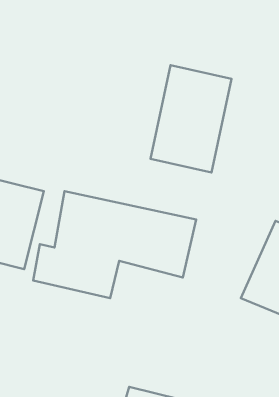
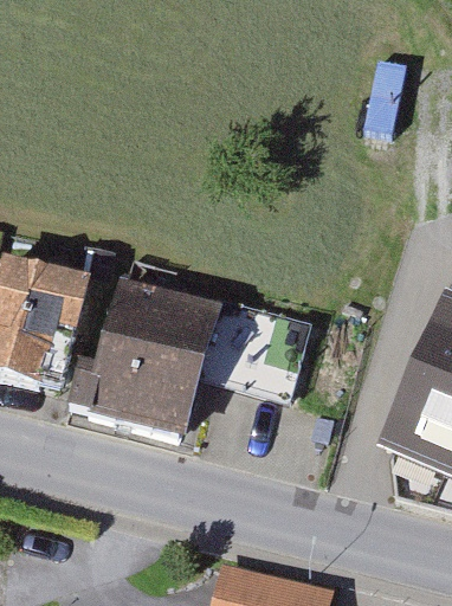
building: [151,65,232,172] -> none

